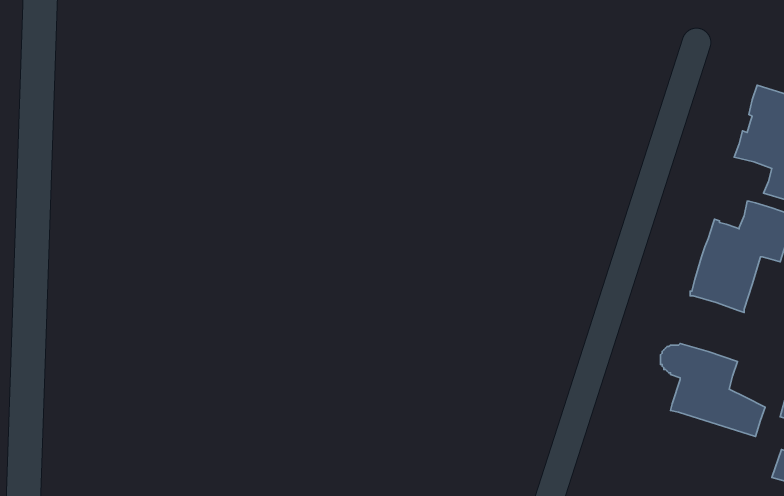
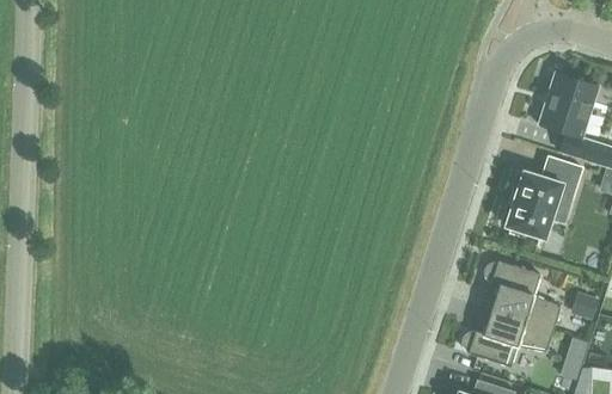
building: none -> [461,310,553,368]

